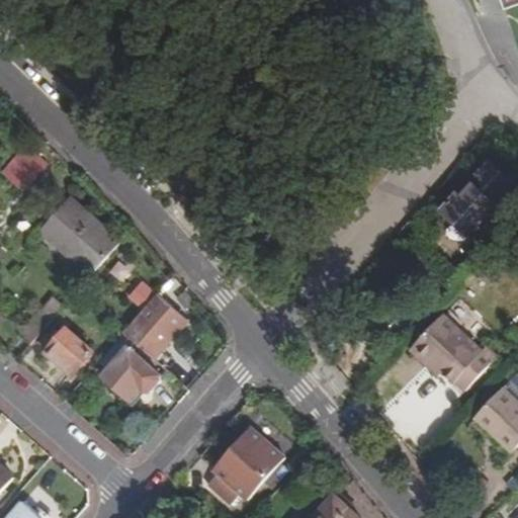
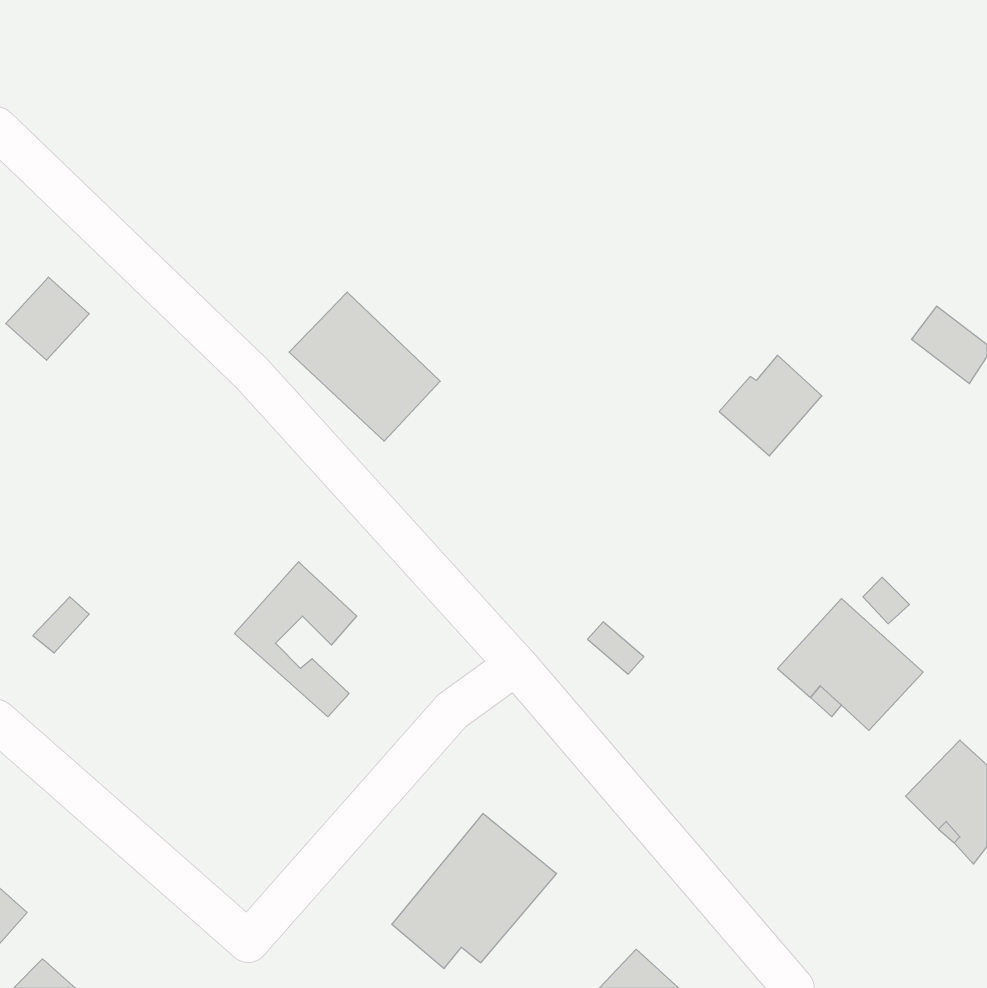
building: [440,182,494,235] -> [719,355,822,456]
building: [38,197,117,275] -> [289,292,440,441]
building: [44,325,91,372] -> none
building: [99,344,160,400] -> none

